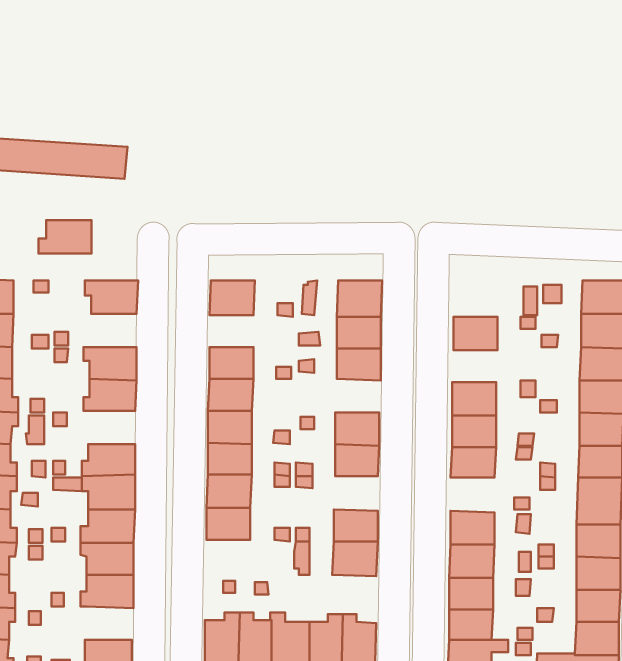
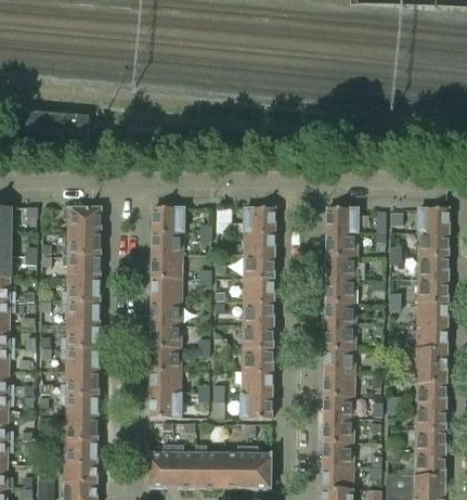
building: [38,220,92,254] -> [62,232,100,256]
building: none -> [326,208,359,234]
building: none -> [152,233,183,256]
building: none -> [325,258,358,281]
building: none -> [242,279,274,303]
building: none -> [61,302,99,325]
building: none -> [241,348,272,373]
building: none -> [324,349,355,374]
building: none -> [150,394,181,419]
building: none -> [59,441,98,465]

